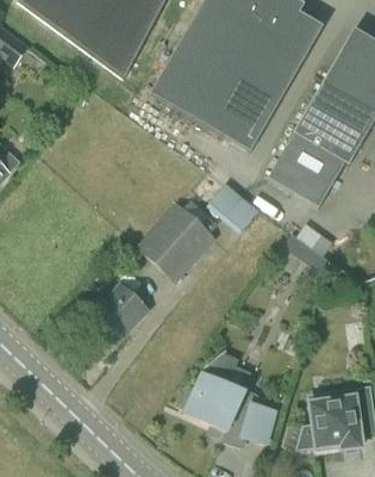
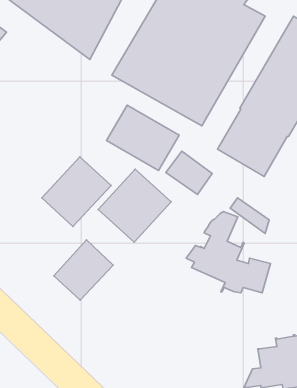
building: none -> [107,105,179,170]
building: none -> [42,157,111,227]
building: [181,351,276,442] -> [186,212,271,293]

